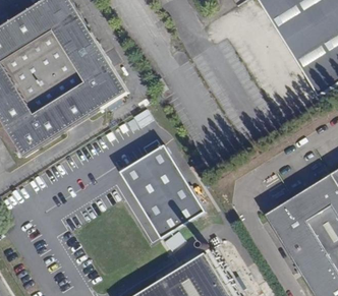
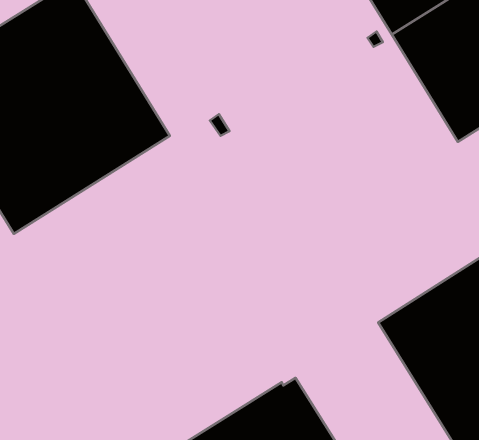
building: [117,142,202,241] -> none

